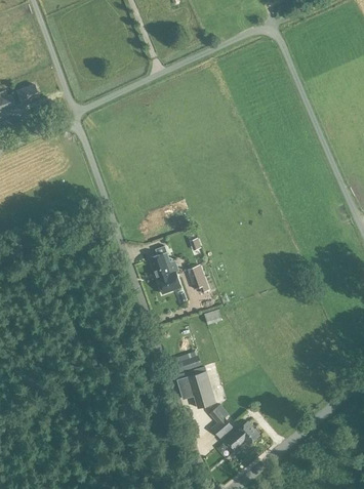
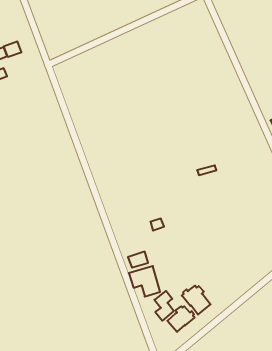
building: [150,251,180,293] -> none
building: [188,266,212,289] -> none
building: none -> [182,286,211,315]

